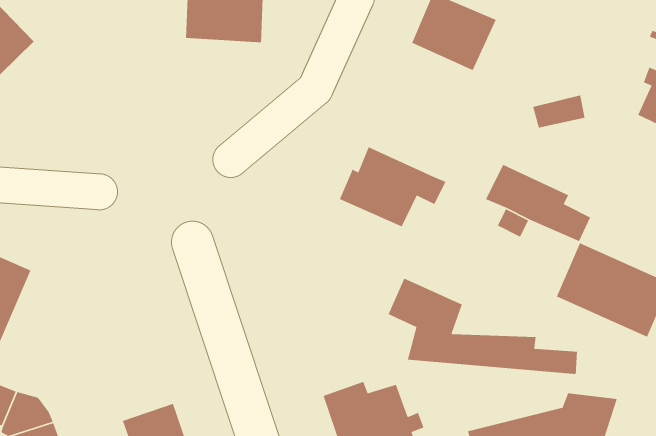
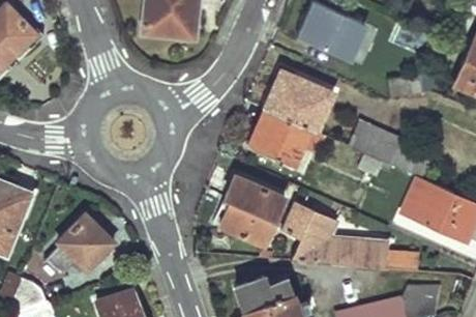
building: none -> [266,70,332,129]
building: none -> [213,174,282,241]
building: none -> [48,217,114,272]

